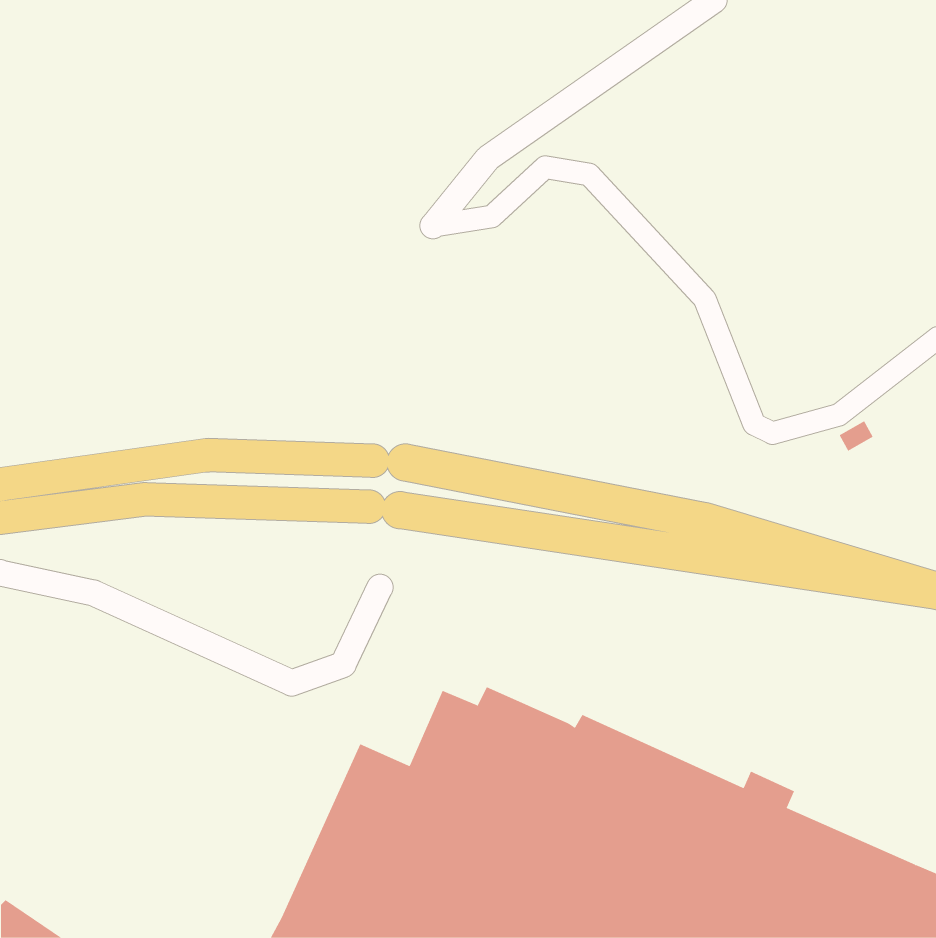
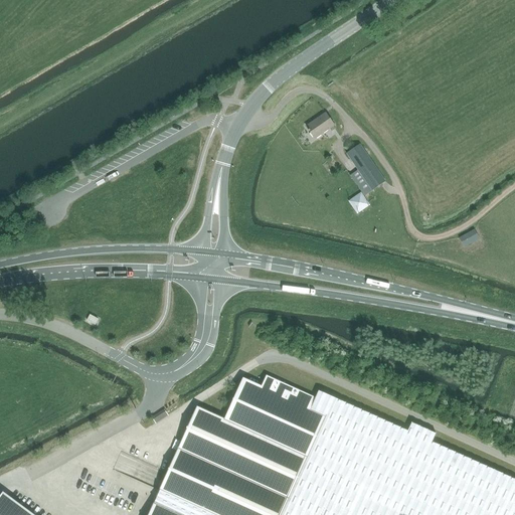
building: none -> [308,113,336,139]
building: none -> [347,145,386,196]

